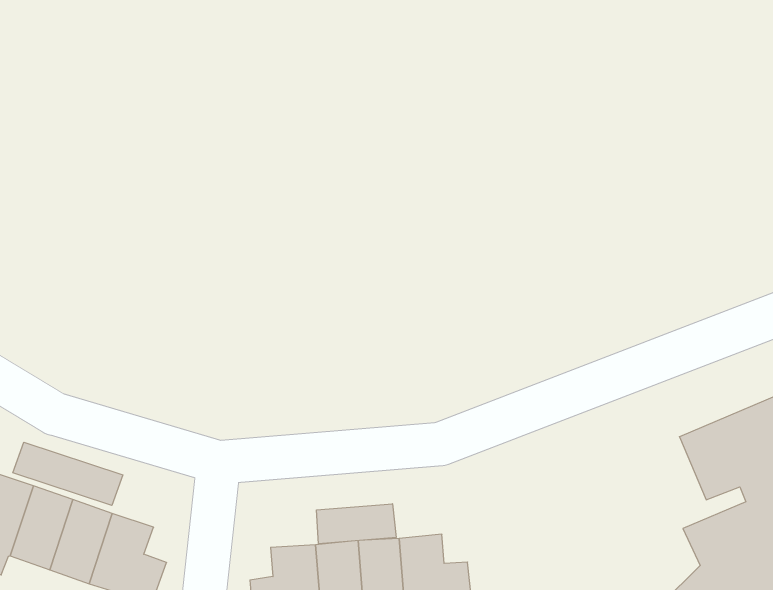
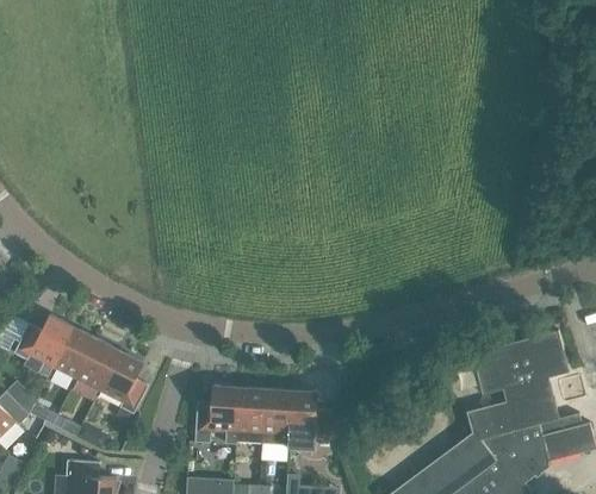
building: [13,442,123,505] -> none
building: [317,504,396,544] -> none

